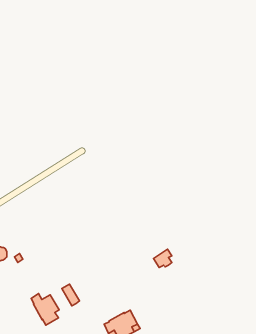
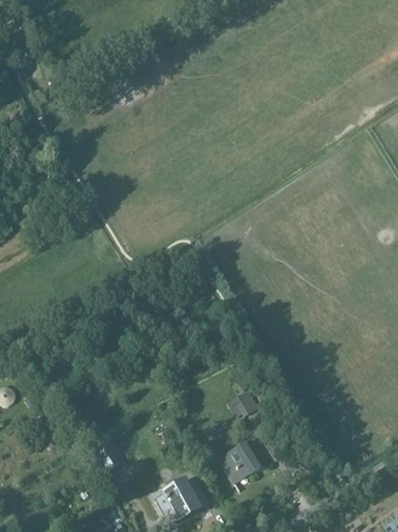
building: none -> [218,439,265,482]
building: [31,293,59,325] -> none

